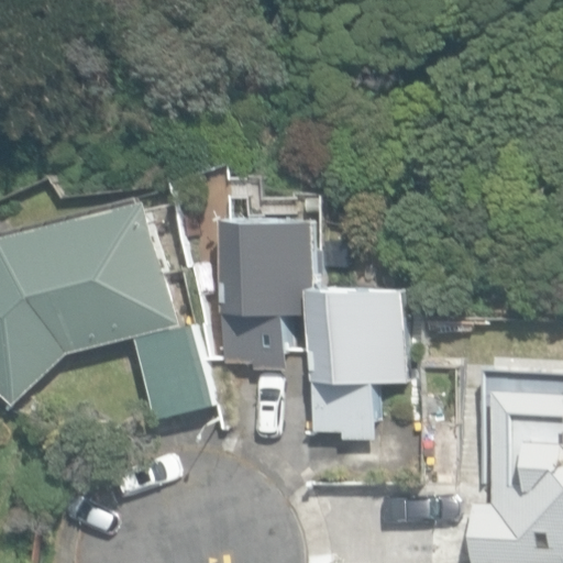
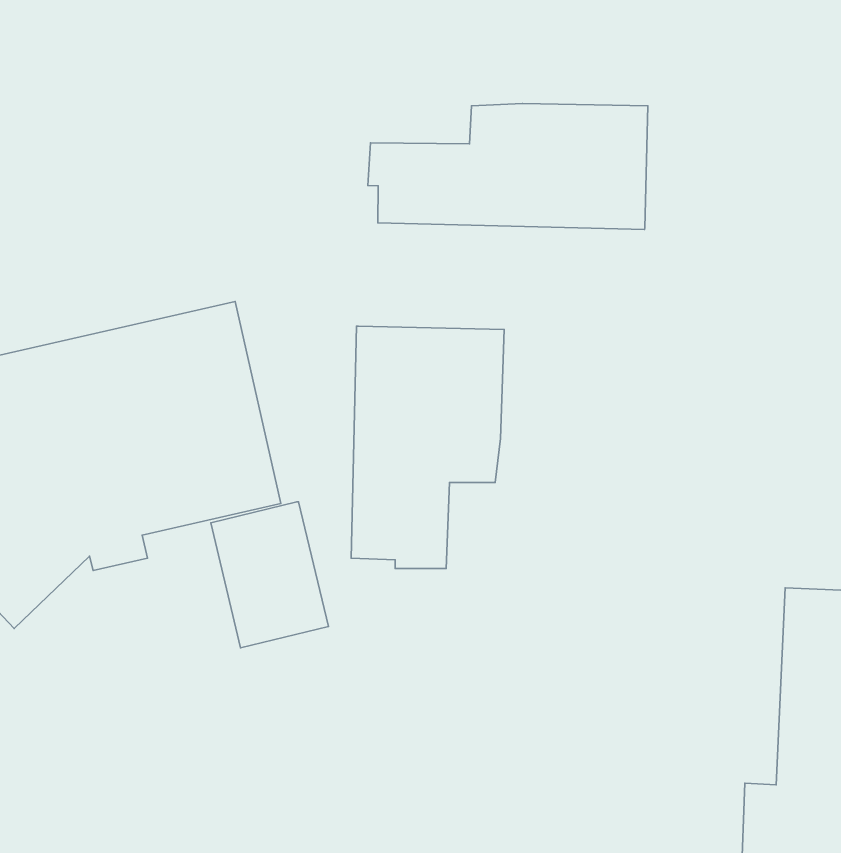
building: none -> [368,103,648,229]
building: [310,287,404,438] -> none

